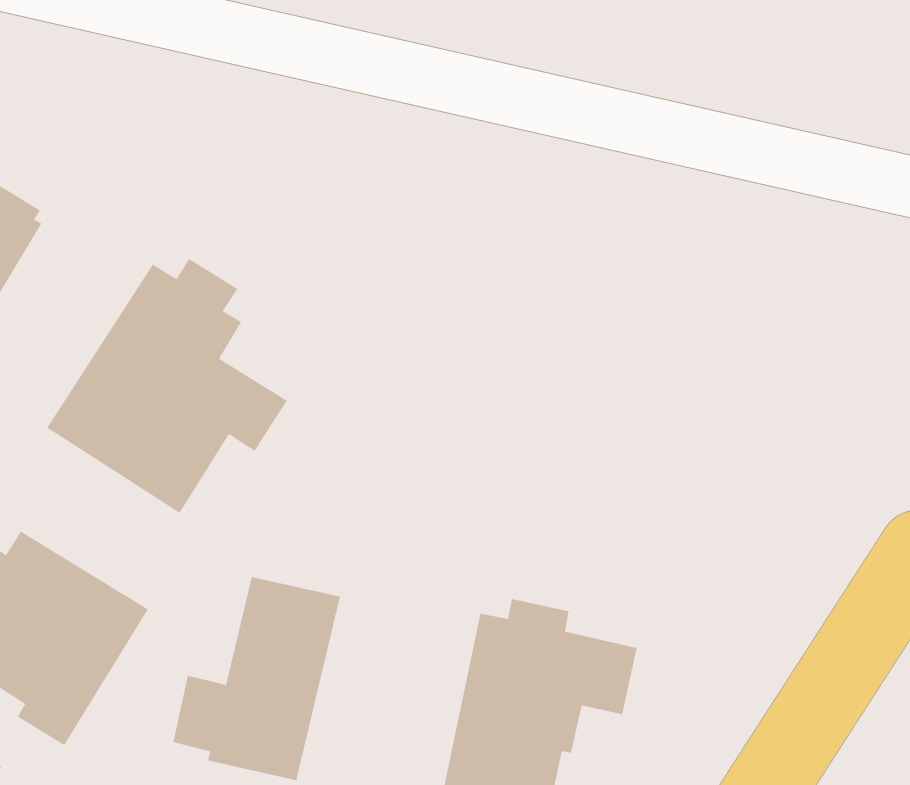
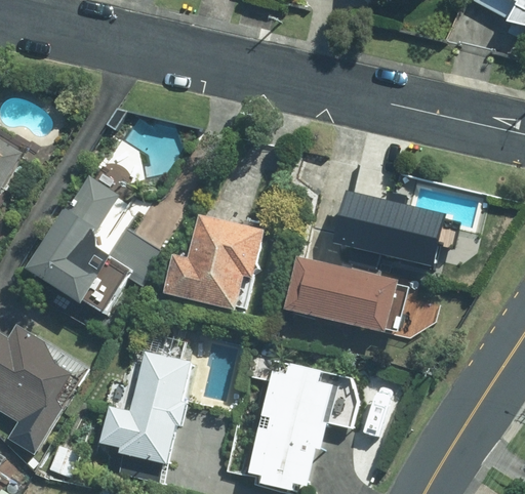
building: none -> [332,191,446,266]
building: none -> [162,213,264,310]
building: none -> [283,255,398,332]

